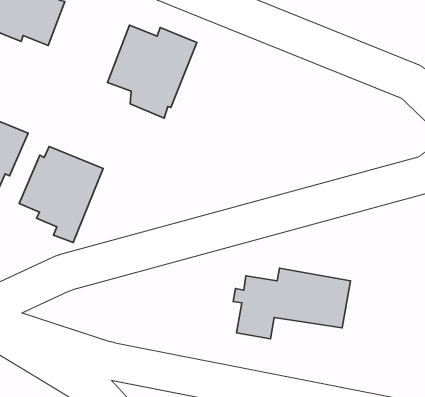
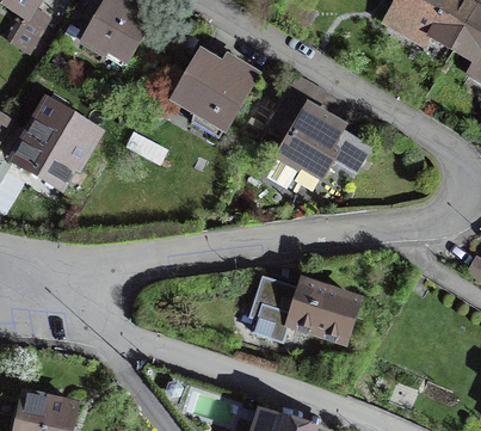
building: none -> [267,94,369,186]
building: [19,146,103,242] -> none

